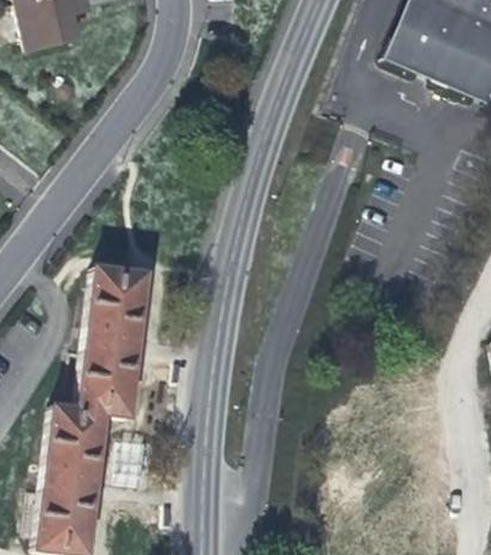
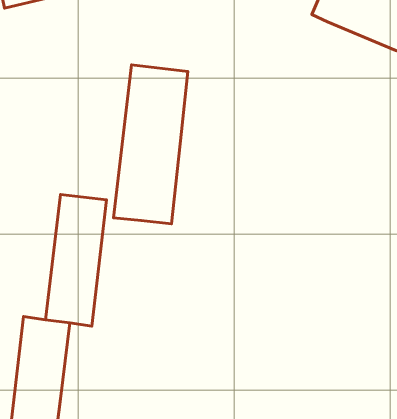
building: none -> [113,65,188,224]

